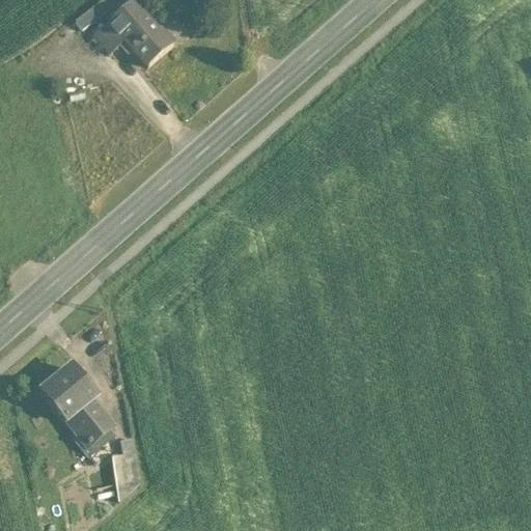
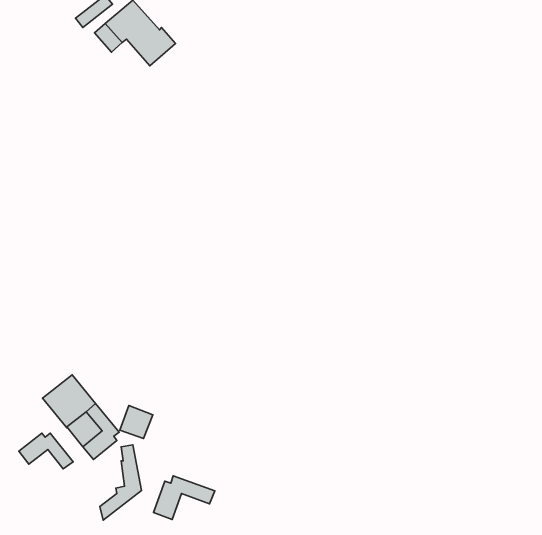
building: none -> [120,405,153,439]
building: none -> [19,433,73,469]
building: none -> [153,476,215,519]

